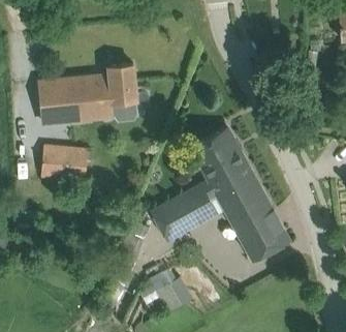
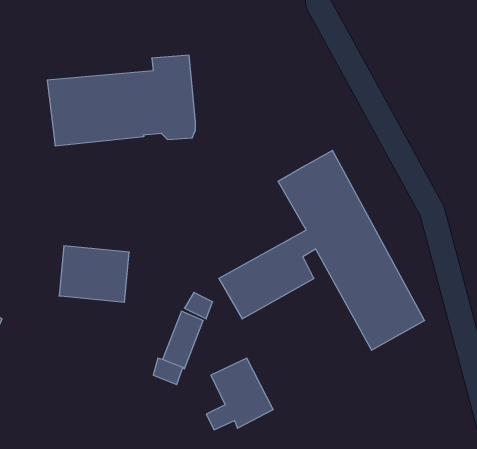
building: [40,147,87,184] -> [59,246,129,302]

